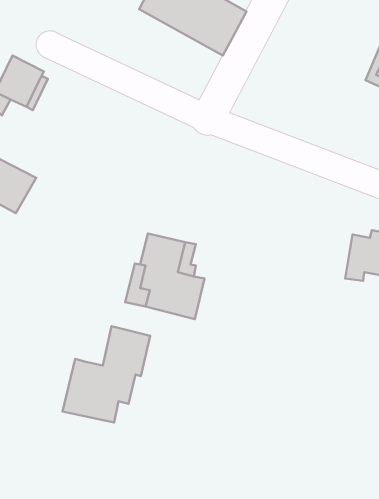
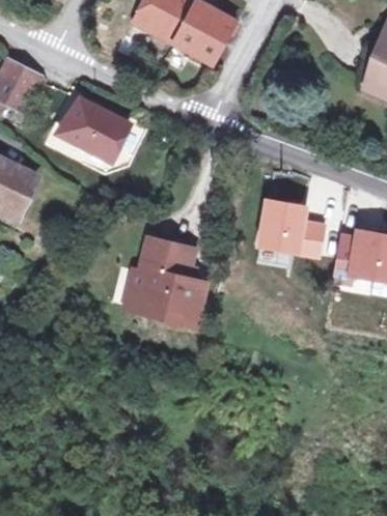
building: none -> [61,97,130,157]
building: none -> [262,202,324,255]
building: [63,326,150,422] -> none

